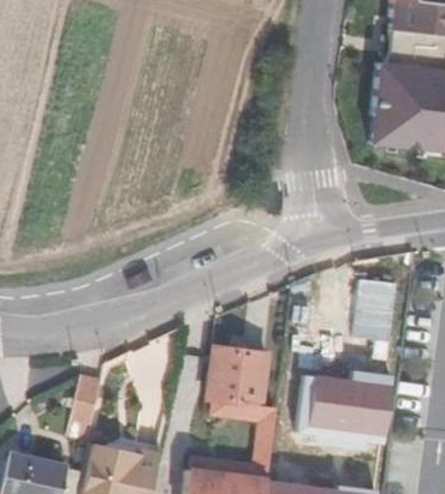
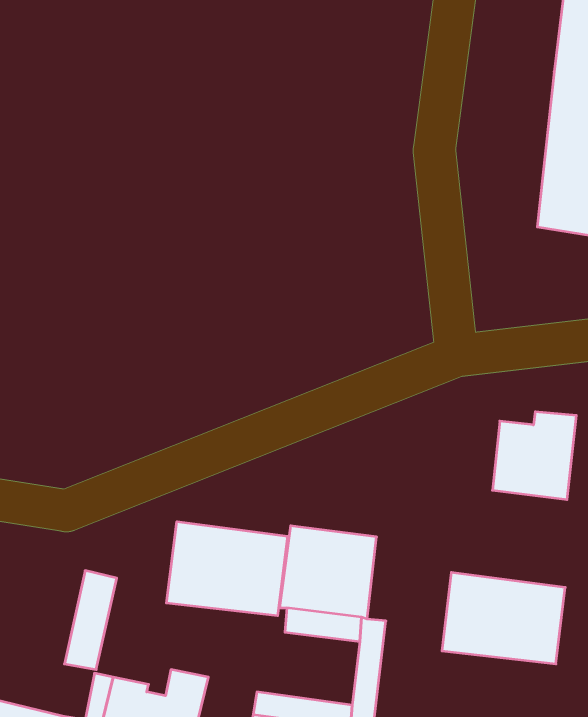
building: none -> [166,522,288,616]

